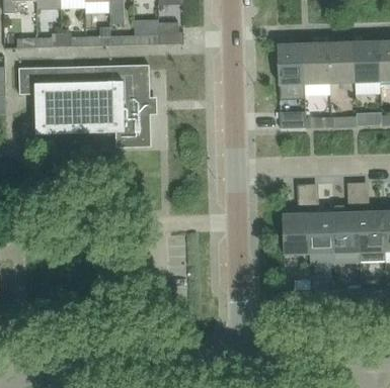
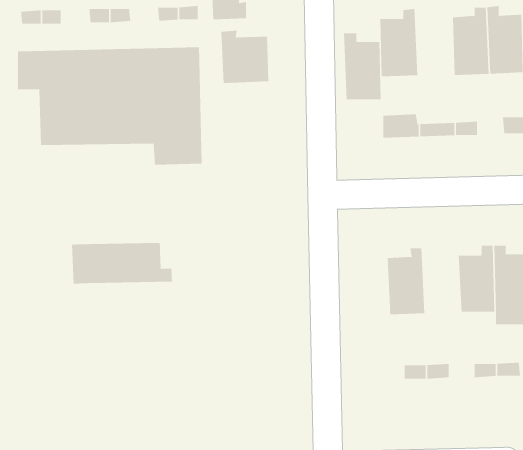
building: [303,37,330,85] -> [343,33,382,100]
building: none -> [221,30,269,84]
building: none -> [72,242,172,285]
building: [308,206,335,254] -> none

